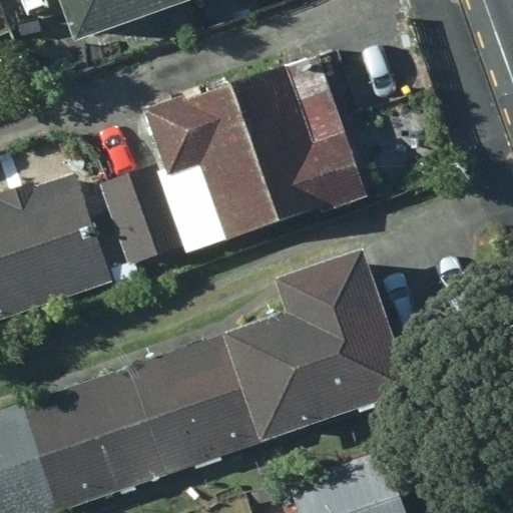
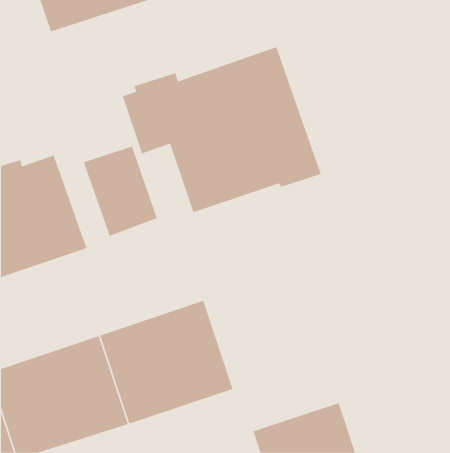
building: [233,265,401,438] -> none

